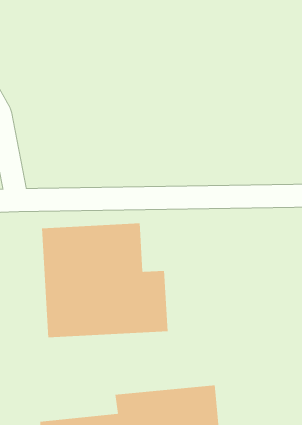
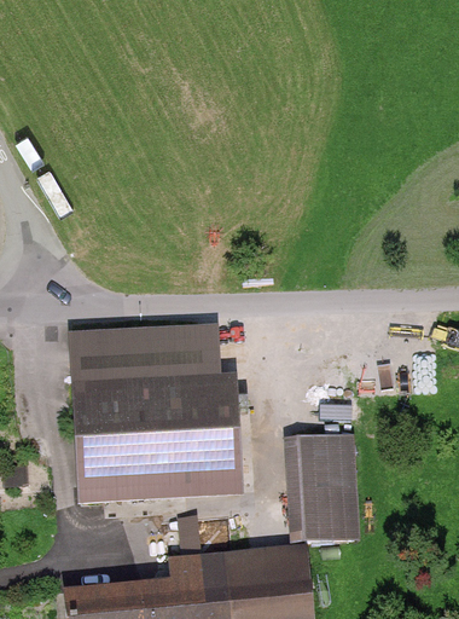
building: none -> [298,440,355,540]

